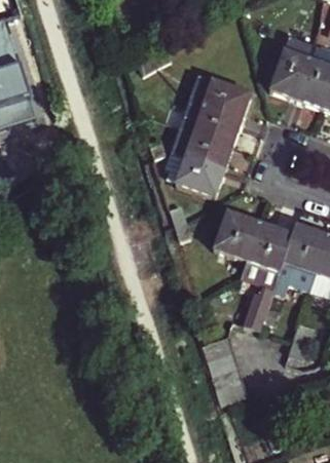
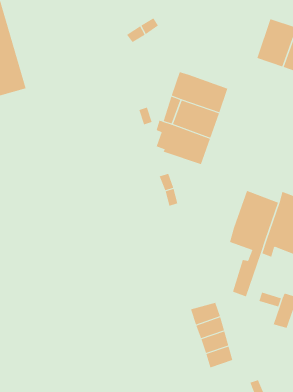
building: [191,78,249,119] -> none
building: [212,210,258,260] -> none

